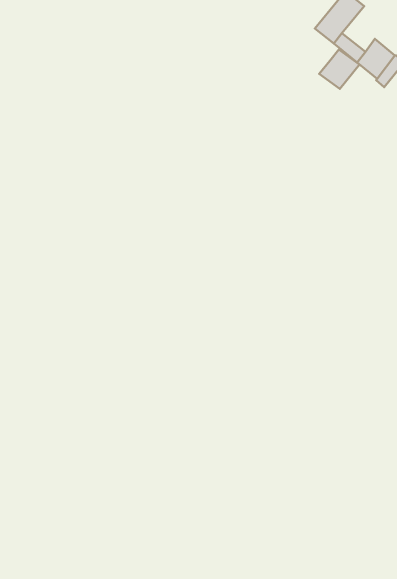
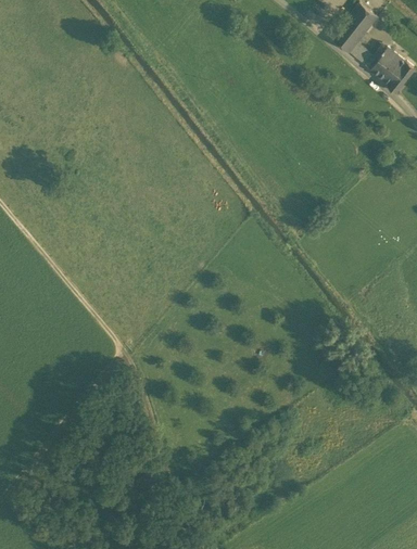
building: [319,49,360,89] -> none

